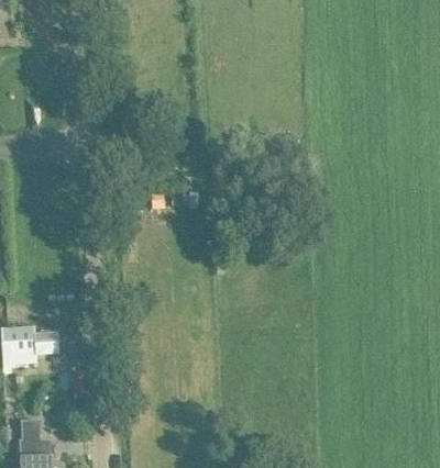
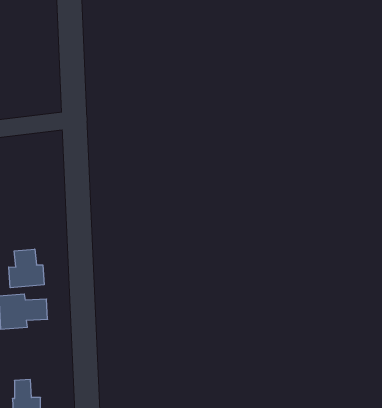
building: none -> [9,249,44,288]

